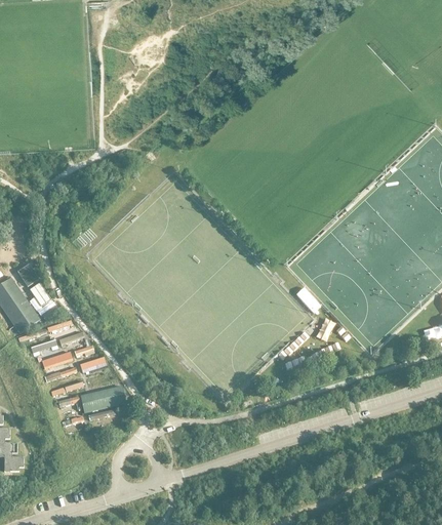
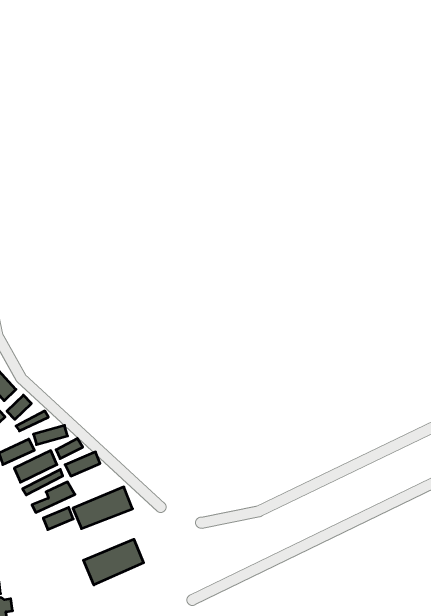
building: none -> [83,539,144,585]

